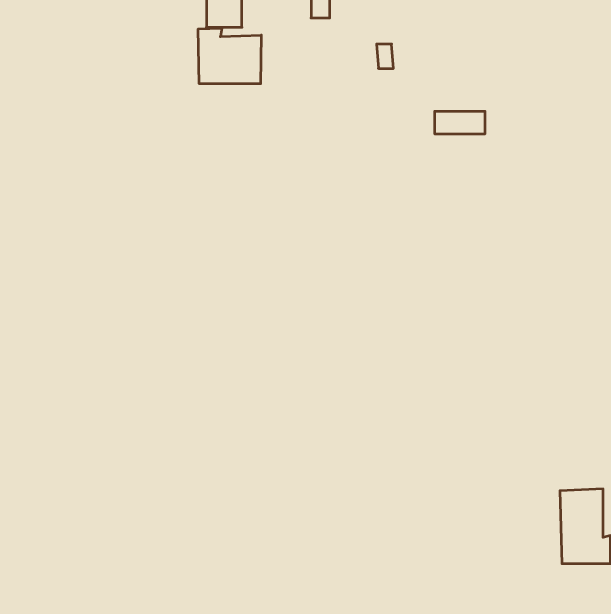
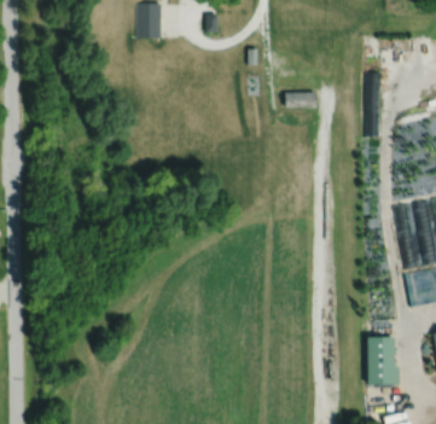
building: [198,28,261,84] -> none

